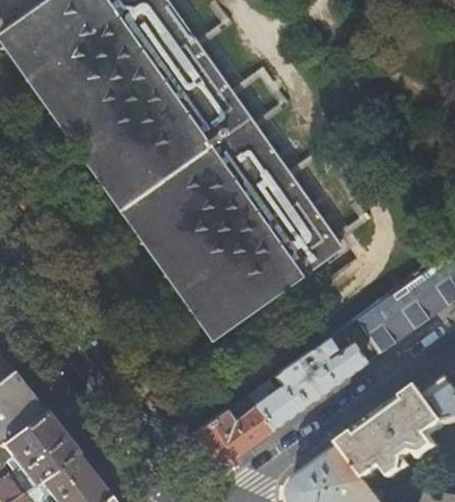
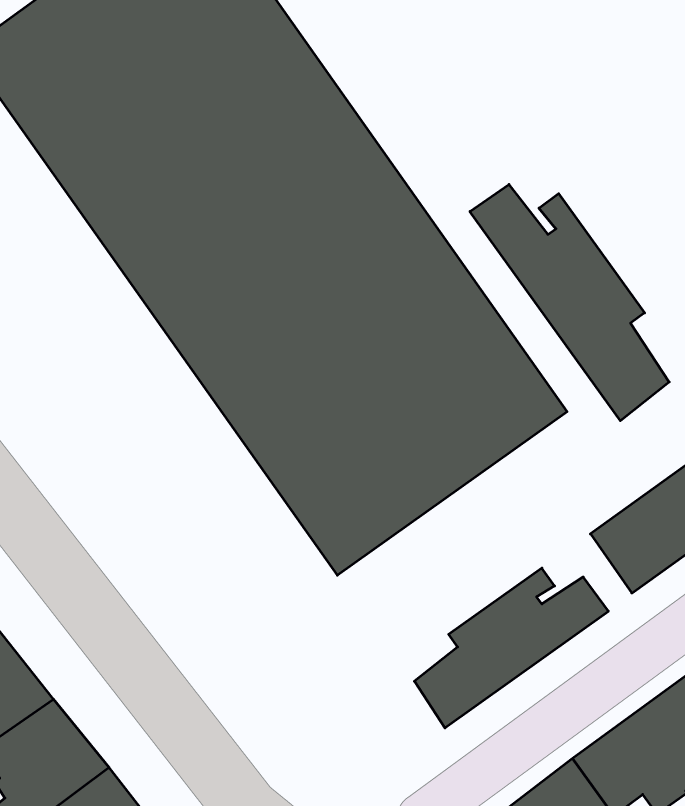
building: none -> [470,184,669,421]
building: [195,393,273,459] -> none

